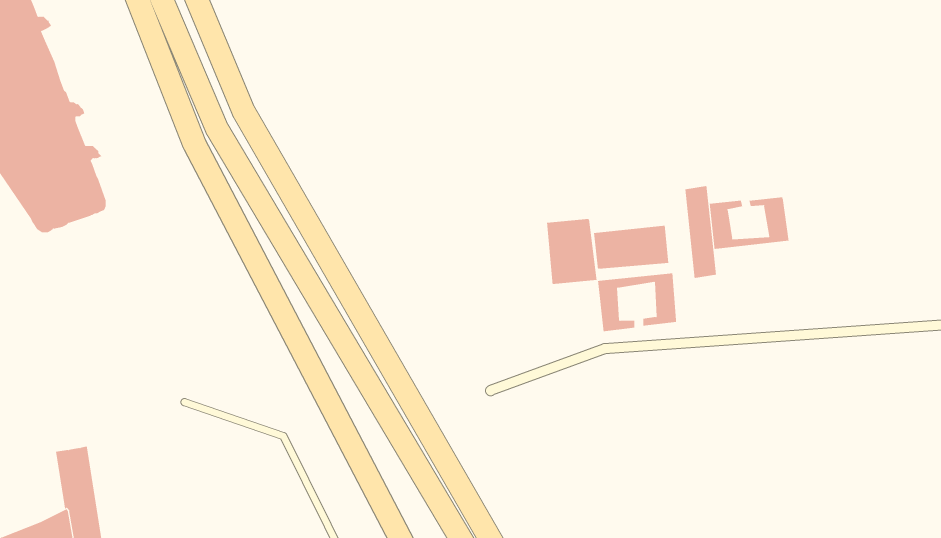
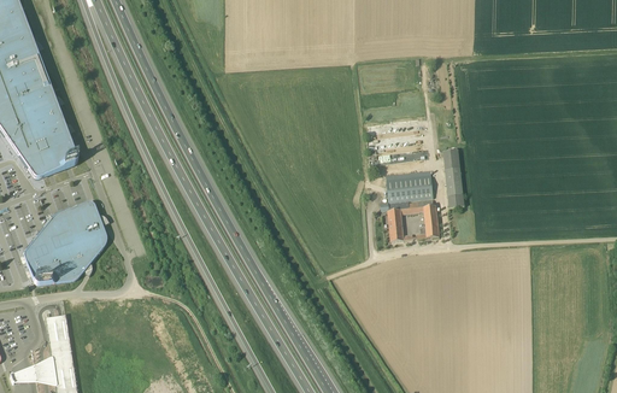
building: [709,197,789,250] -> none
building: [546,218,597,285] -> none
building: none -> [23,201,108,285]

